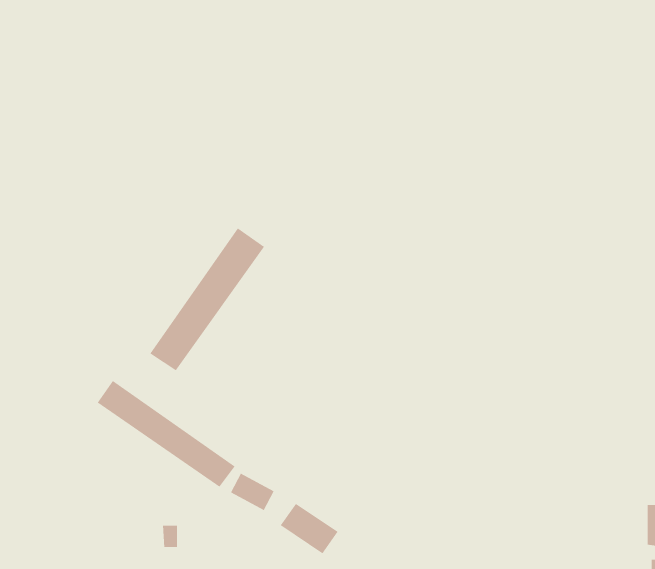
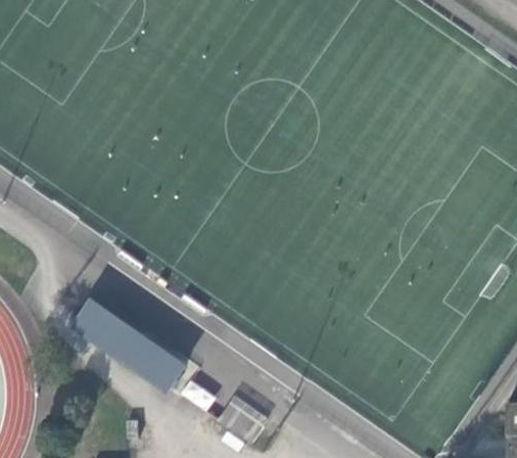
building: [149,228,265,371] -> none

